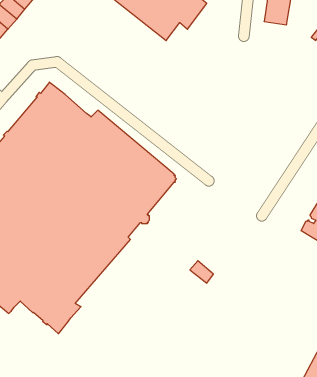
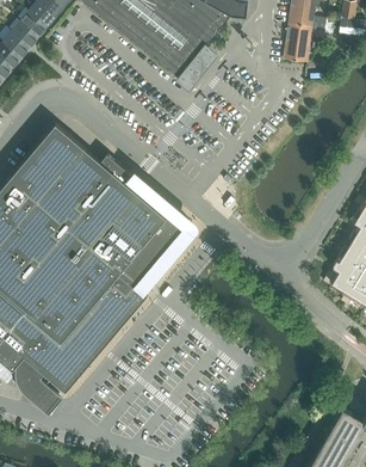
building: none -> [15,357,66,417]

